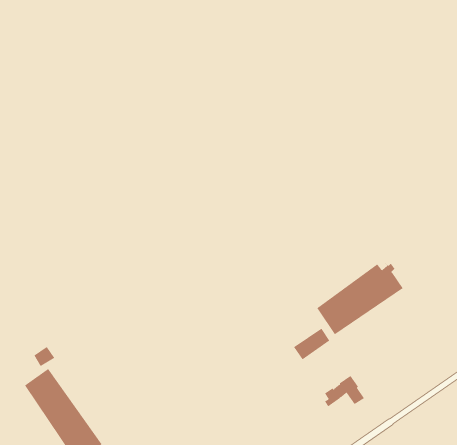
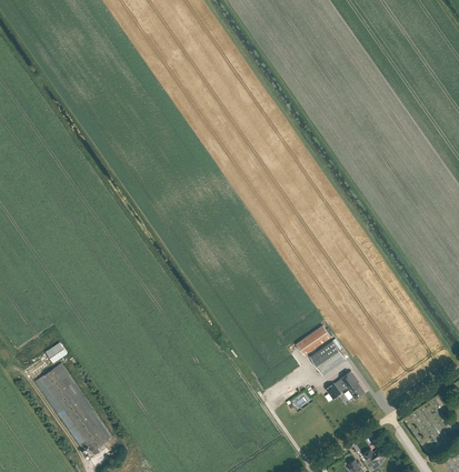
building: [316,263,404,335] -> none
building: none -> [310,339,347,374]

